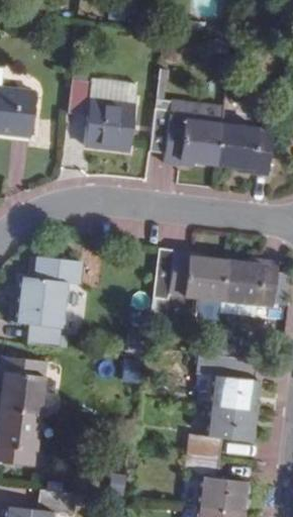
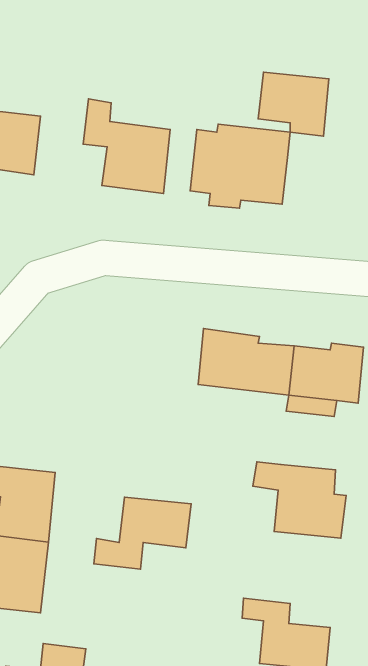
building: [89,77,136,103] -> none
building: [219,124,273,173] -> [258,72,329,136]
building: [15,258,80,349] -> none
building: [190,407,264,461] -> [94,497,191,569]

